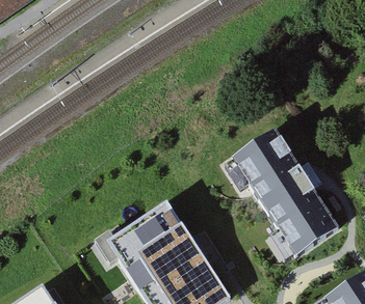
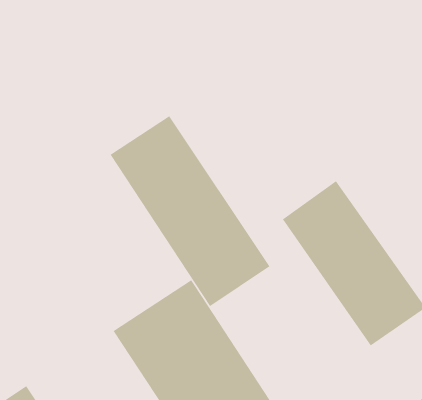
building: none -> [110,115,270,307]

